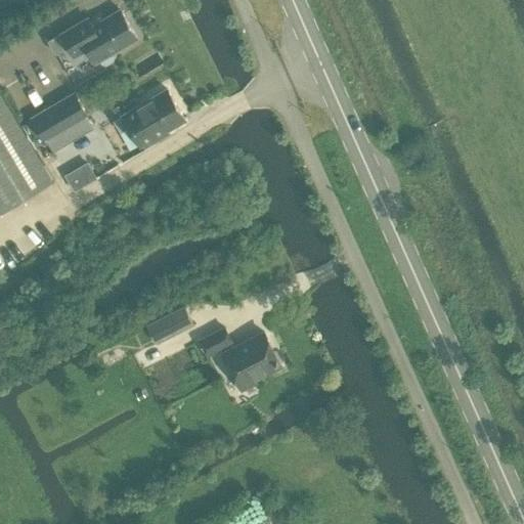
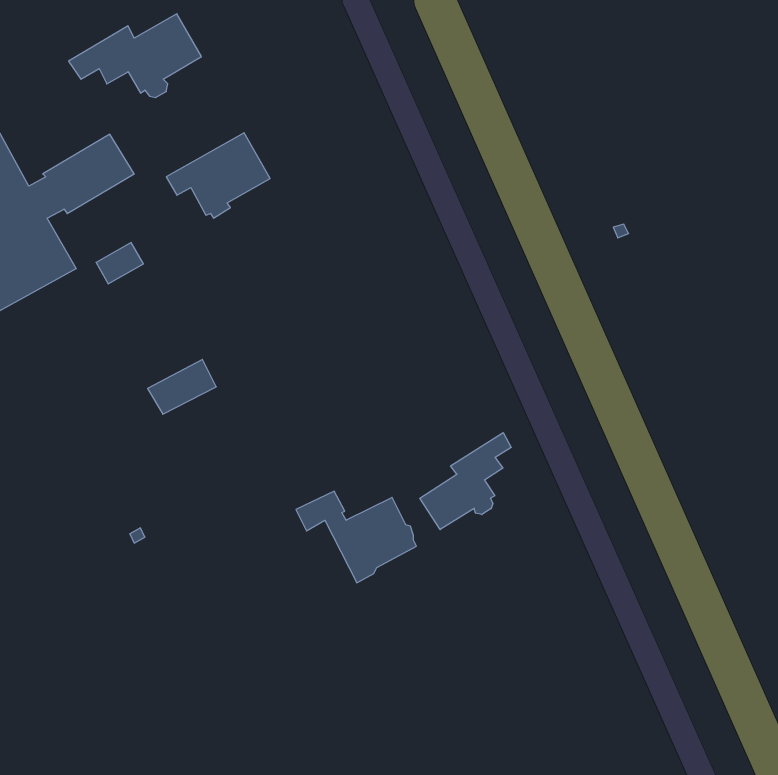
building: none -> [420,433,511,530]
building: [144,308,190,345] -> [148,359,216,414]

